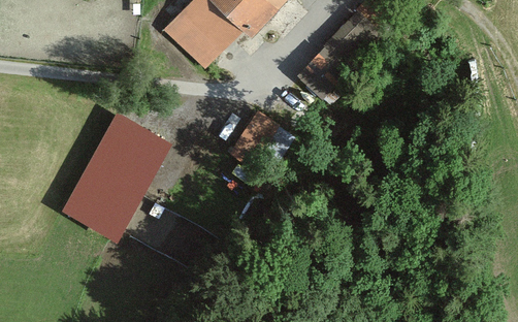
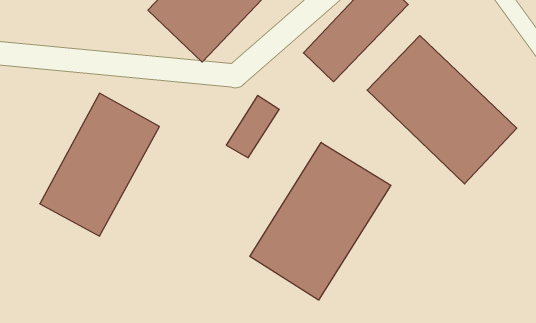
building: none -> [367,36,517,184]
building: none -> [250,142,391,300]

